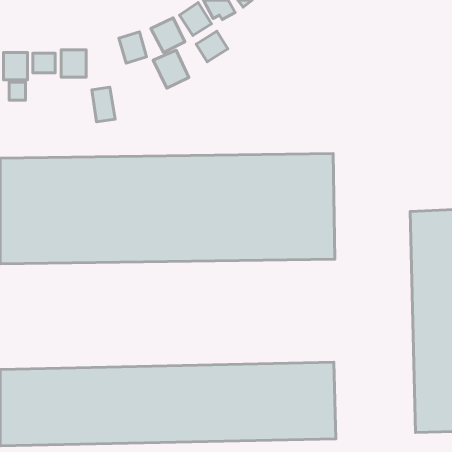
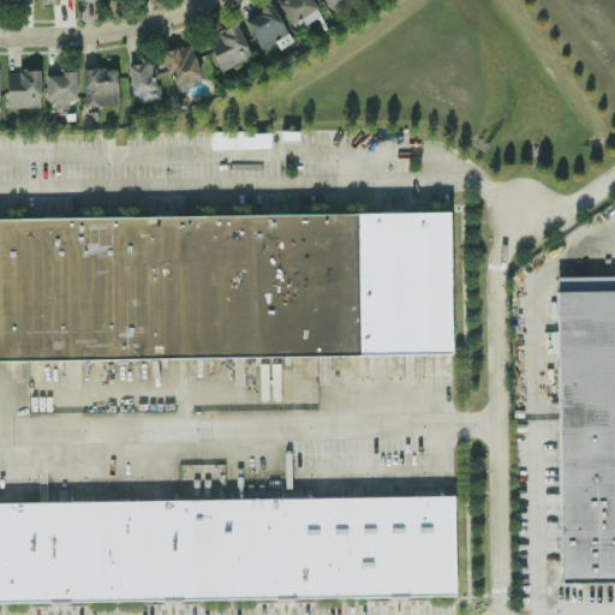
building: [196,31,228,62] -> none
building: [153,50,189,88] -> none
building: [9,82,25,100] -> none
building: [92,87,115,122] -> [130,59,161,106]

